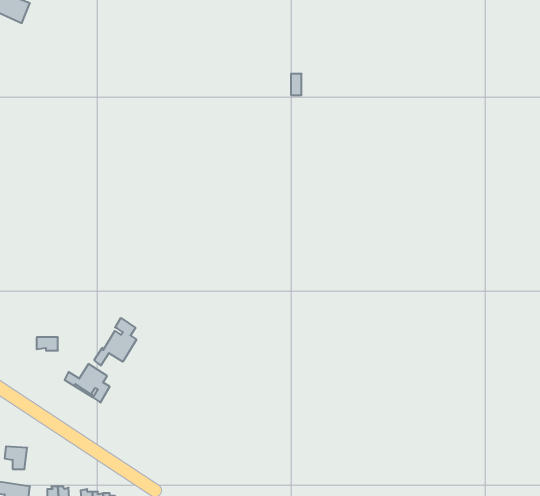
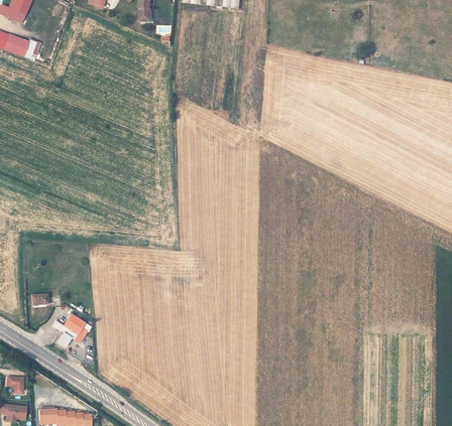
building: [94,318,136,366] -> none

